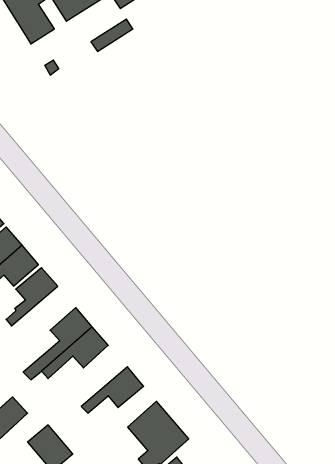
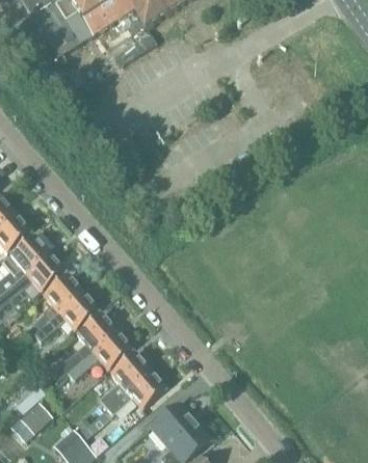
building: none -> [33,291,99,342]
building: none -> [99,351,151,407]

